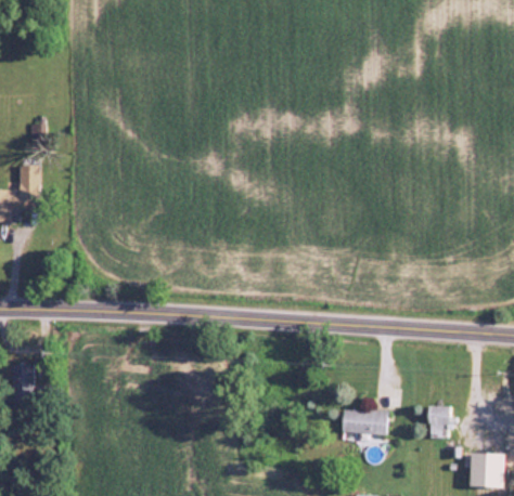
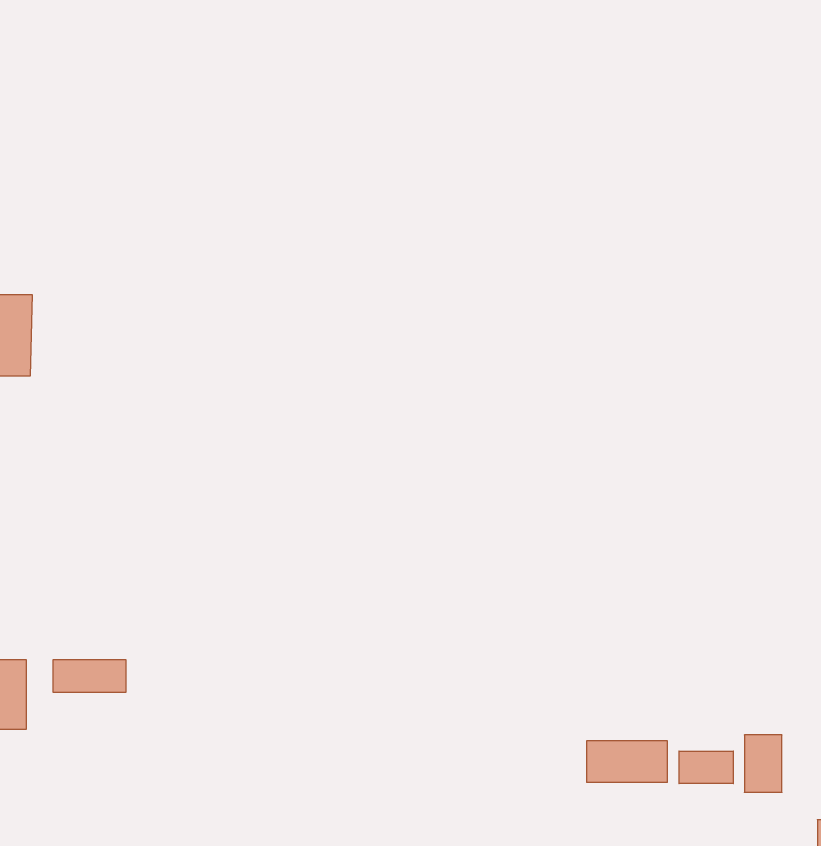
building: none -> [53,660,126,692]
building: none -> [679,751,733,784]

